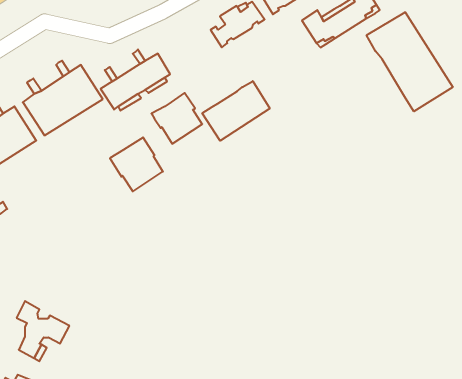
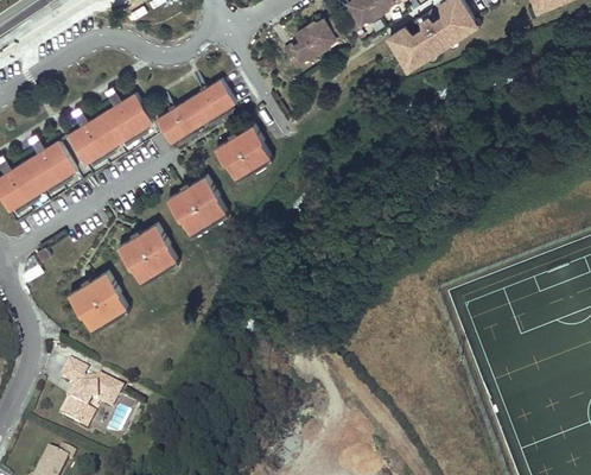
building: [367,12,453,111] -> none
building: [202,81,270,141] -> none
building: none -> [116,221,178,284]
building: none -> [68,270,128,331]

